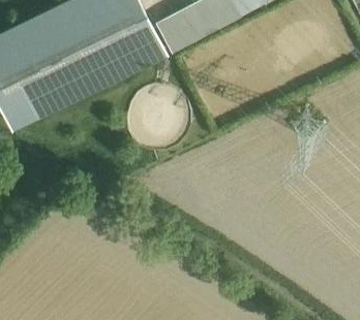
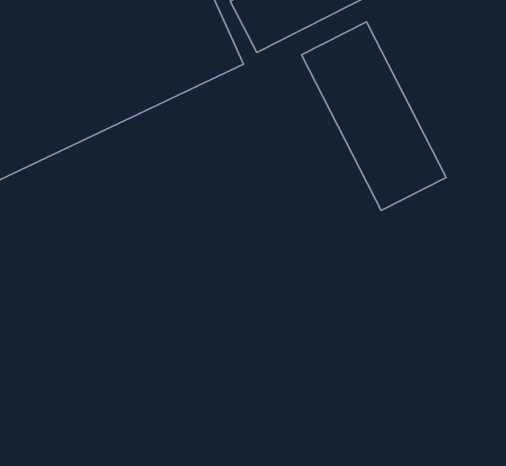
building: none -> [302,22,446,210]

